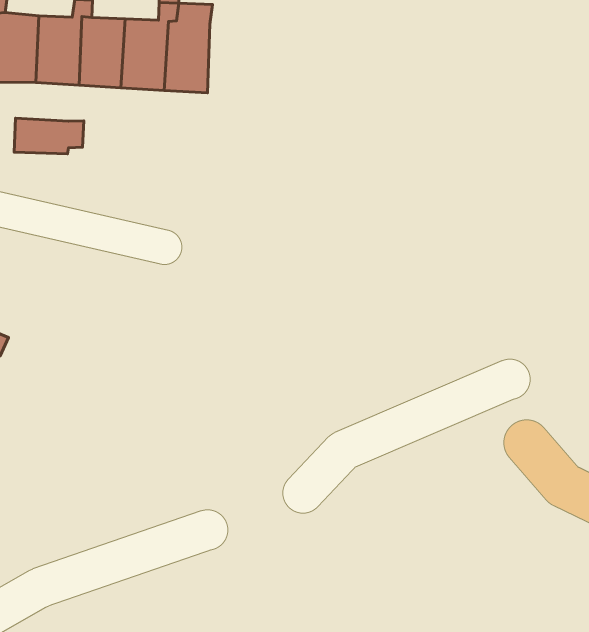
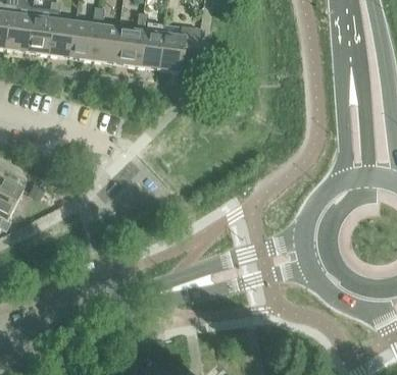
building: none -> [157,25,198,69]
building: [14,118,84,154] -> none

